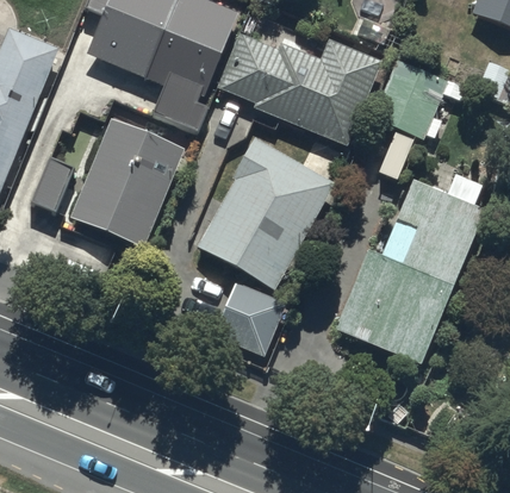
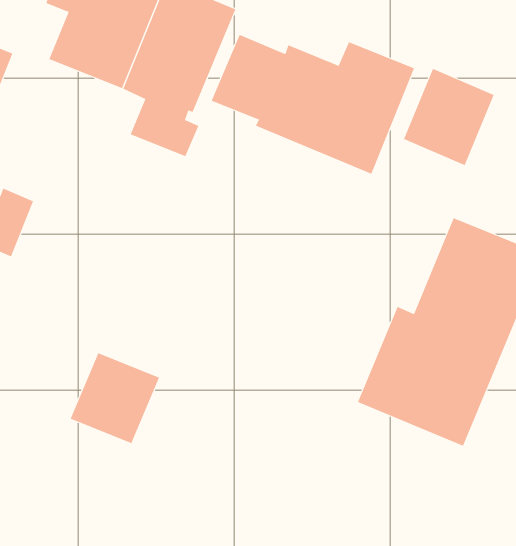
building: [69,118,184,246] -> none
building: [197,137,334,289] -> none
building: [213,282,286,356] -> [70,352,160,444]

